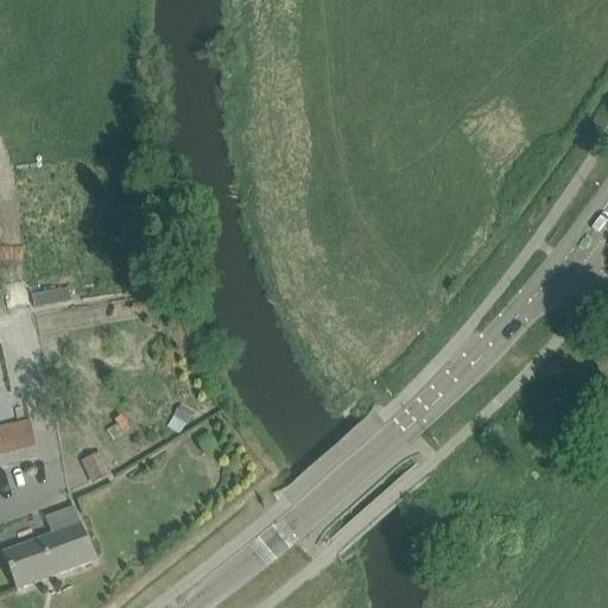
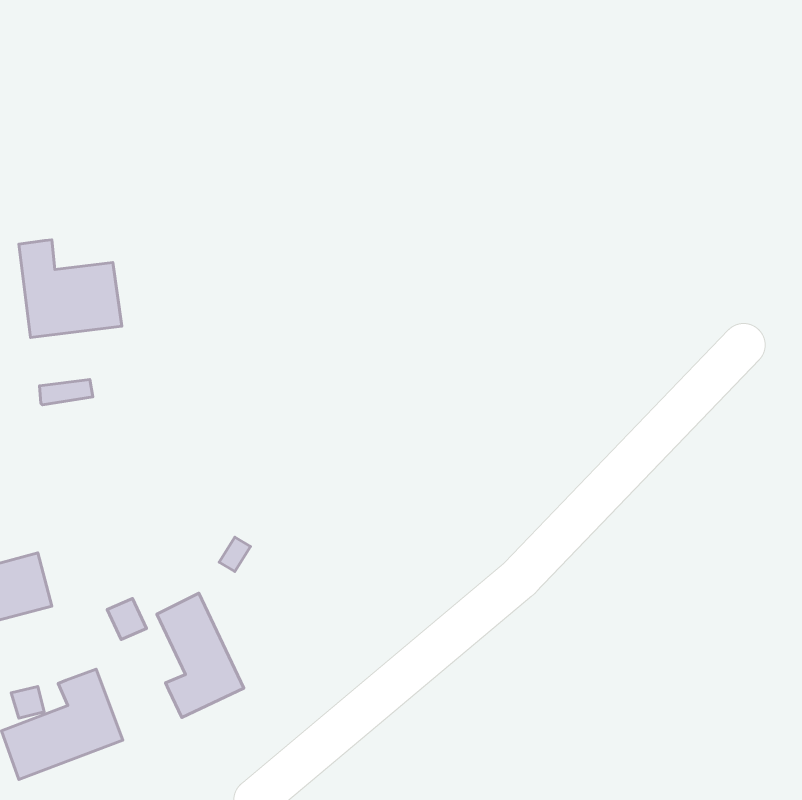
building: none -> [19,240,122,337]
building: none -> [157,593,244,717]

